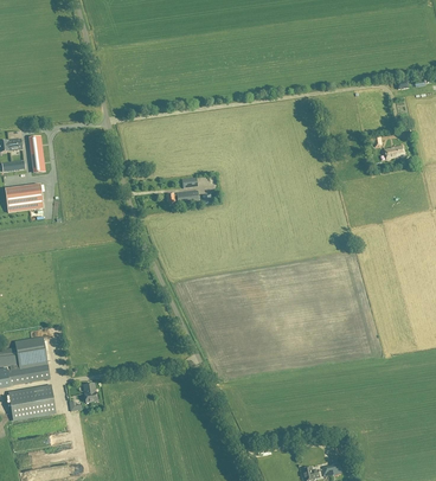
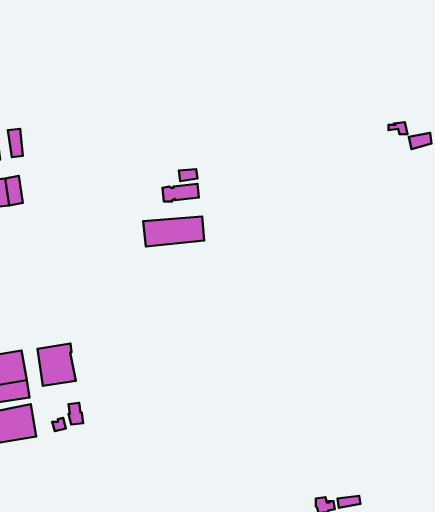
building: none -> [143,216,204,246]
building: none -> [37,344,76,386]

